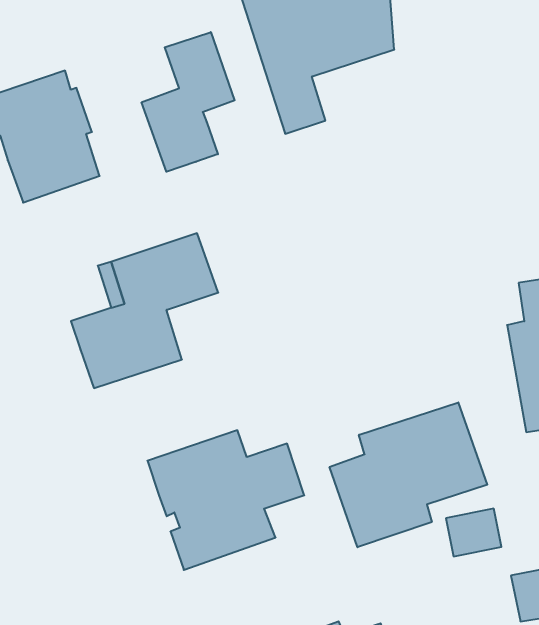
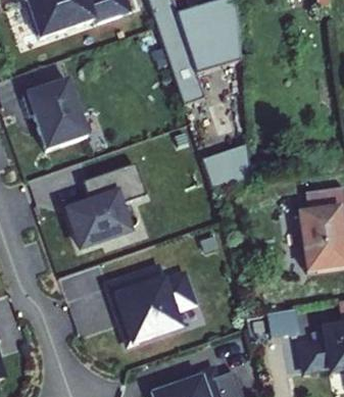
building: [142,32,235,172] -> none
building: none -> [202,145,251,189]
building: [330,402,487,547] -> none

